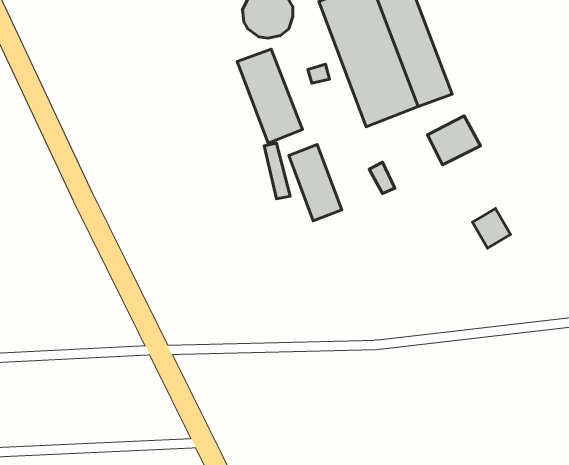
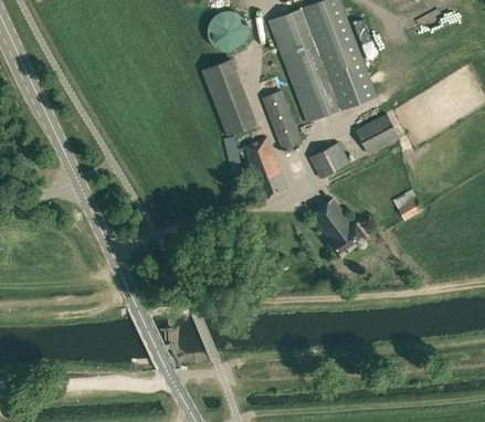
building: none -> [263,91,302,150]
building: none -> [320,143,349,172]
building: none -> [312,198,367,257]

